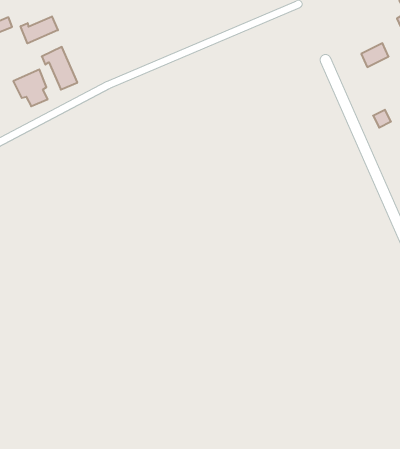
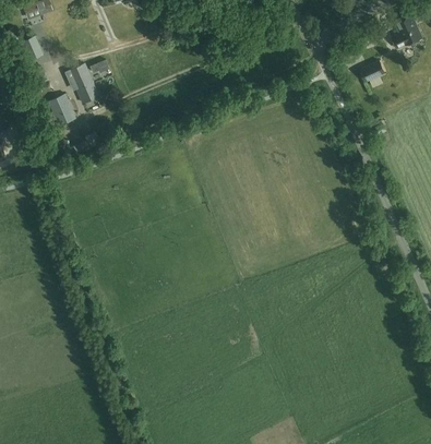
building: [21,16,58,43] -> none

